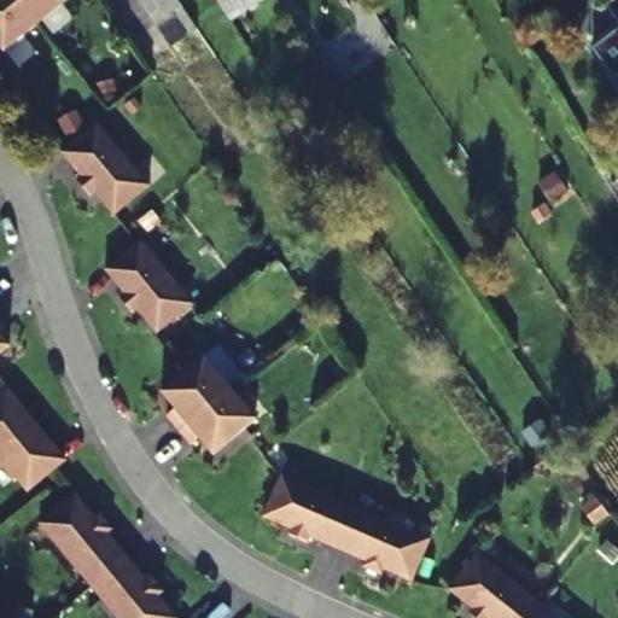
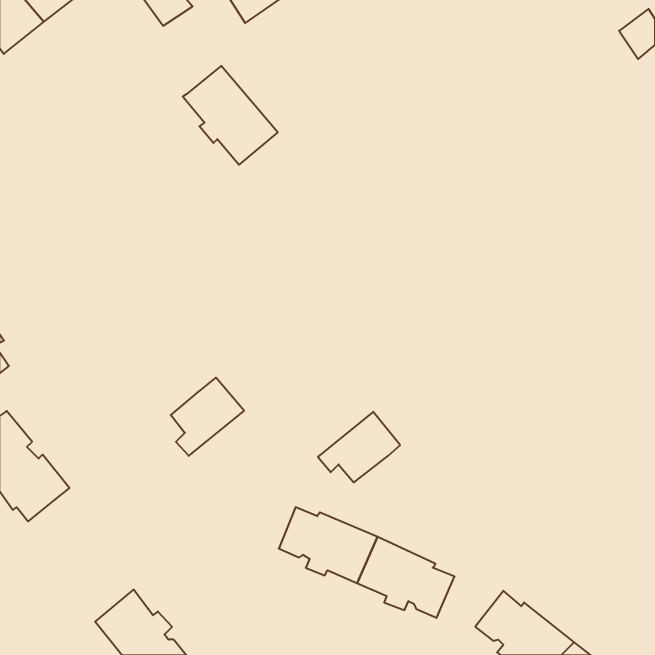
building: [60,122,150,215] -> [183,66,278,165]
building: [104,239,192,332] -> none
building: [177,386,255,453] -> [318,412,400,482]
building: [41,491,126,584] -> none

